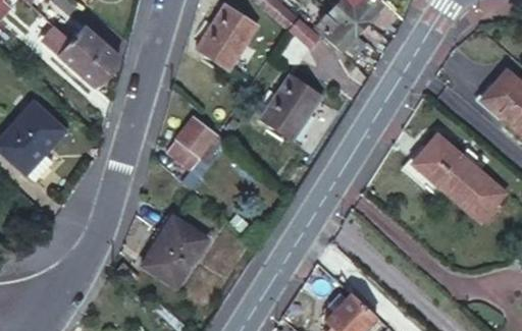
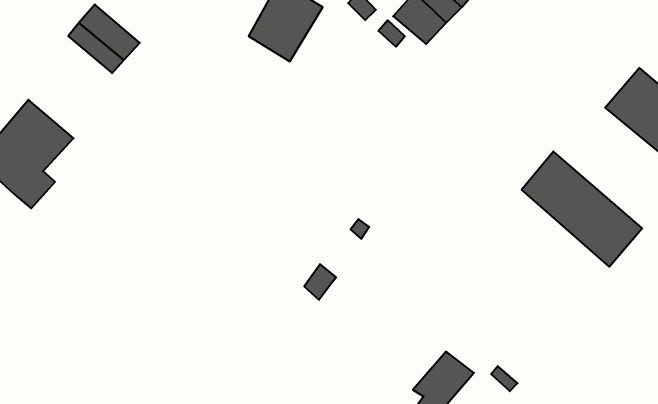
building: [263,76,318,135] -> none
building: [166,119,224,179] -> none
building: [141,221,207,290] -> none

